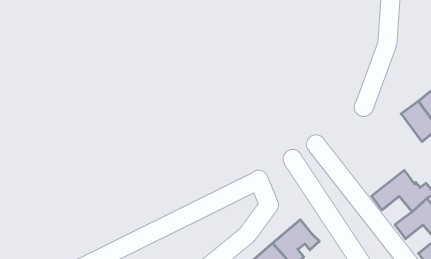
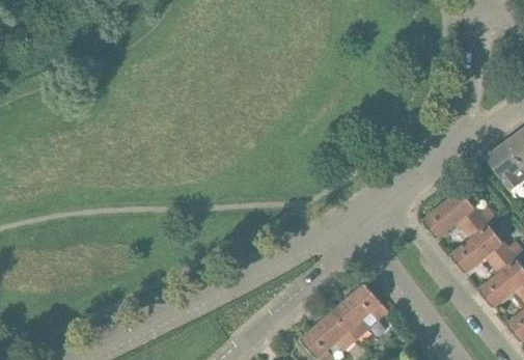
building: none -> [422,191,498,240]

